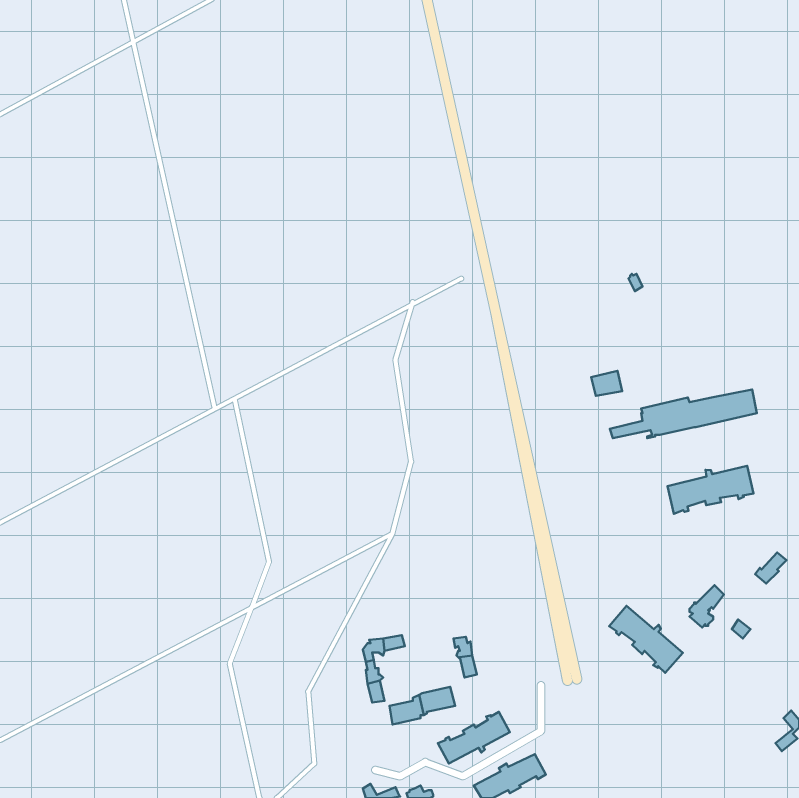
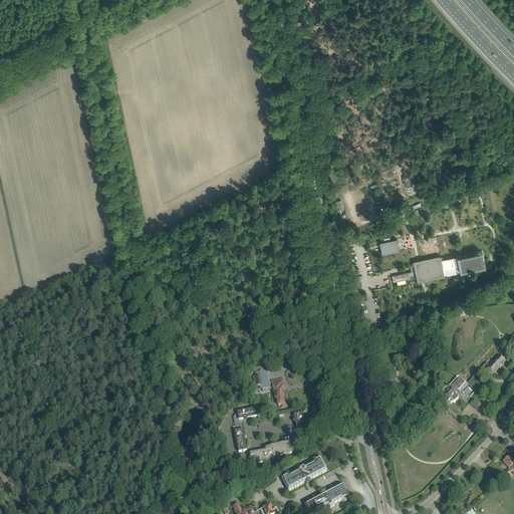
building: [667,466,754,514] -> none
building: none -> [253,368,285,406]
building: [609,606,683,673] -> none

